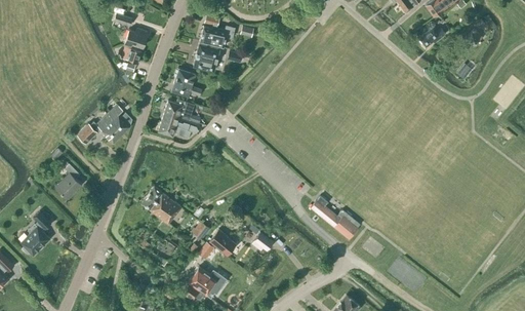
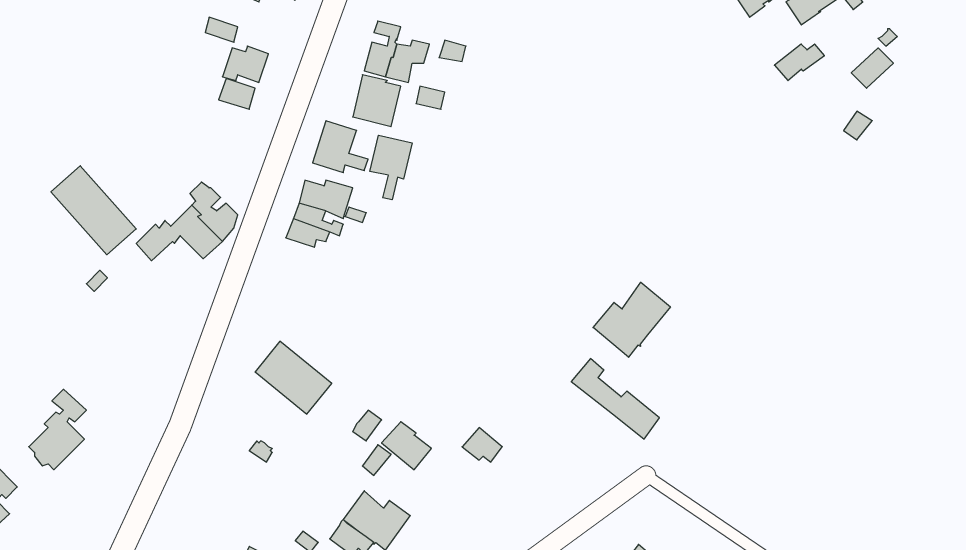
building: none -> [370,135,412,200]
building: none -> [51,166,136,255]
building: none -> [593,282,670,357]
building: [56,163,82,198] -> none

